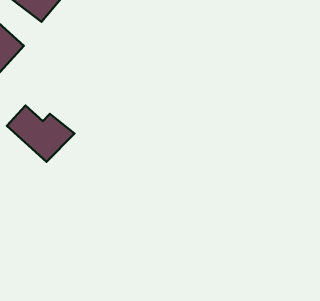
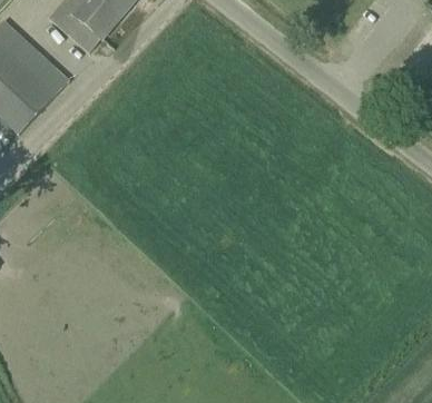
building: [7,105,74,162] -> none

